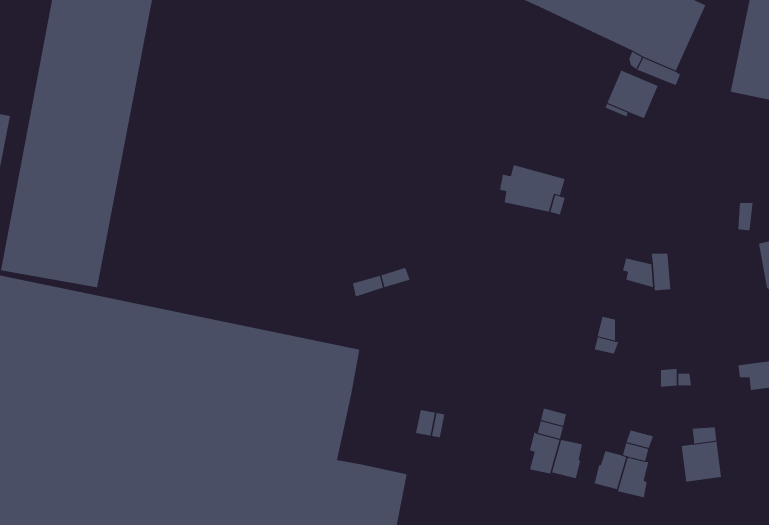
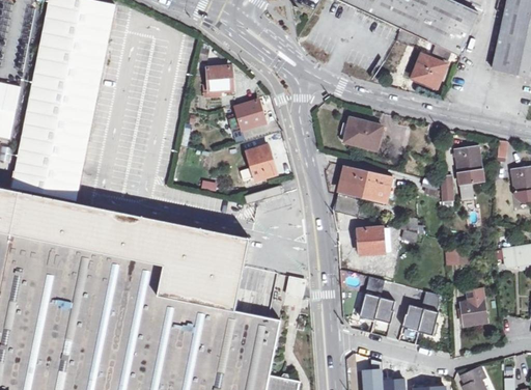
building: none -> [205,66,230,96]
building: none -> [228,99,266,131]
building: none -> [247,145,274,178]
building: none -> [454,145,483,184]
building: none -> [333,165,391,216]
building: none -> [356,226,390,253]

